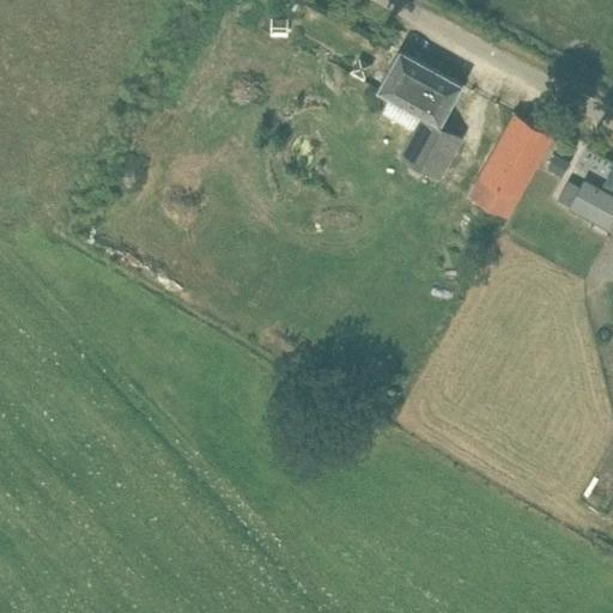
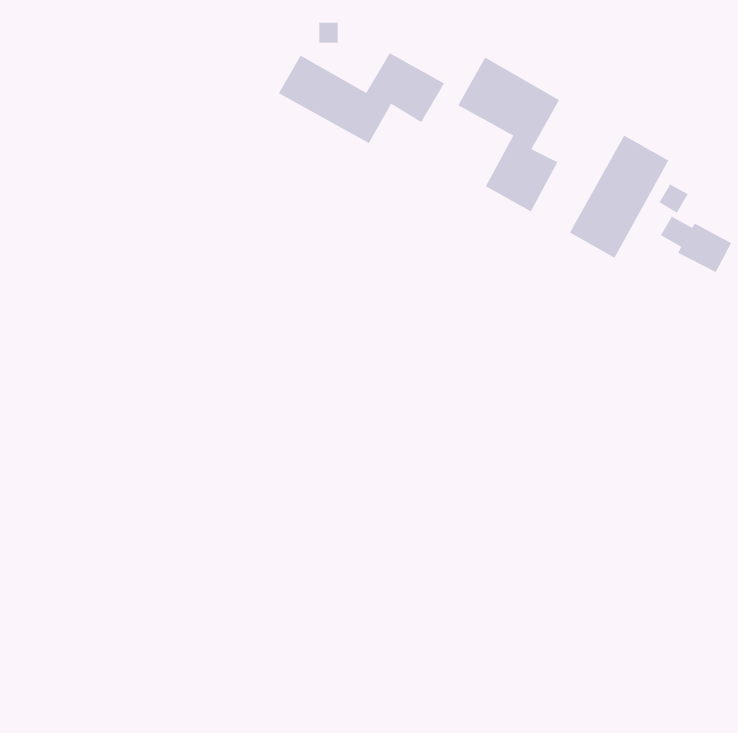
building: none -> [278,52,445,144]

